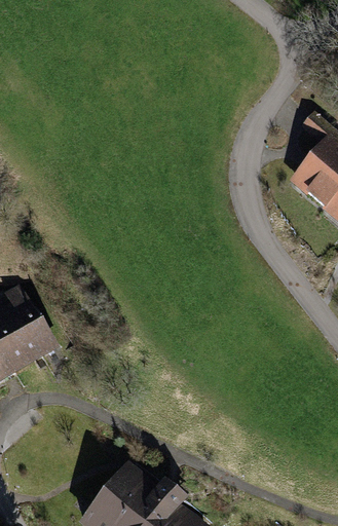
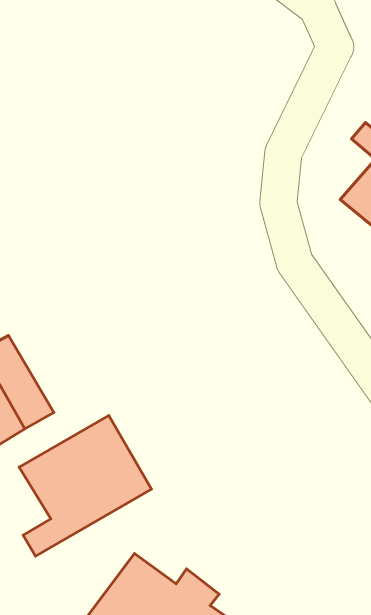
building: none -> [19,416,151,556]

